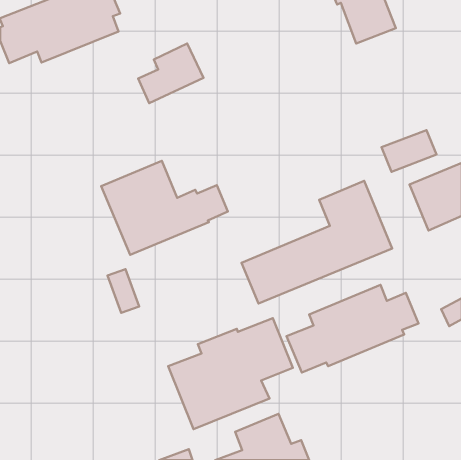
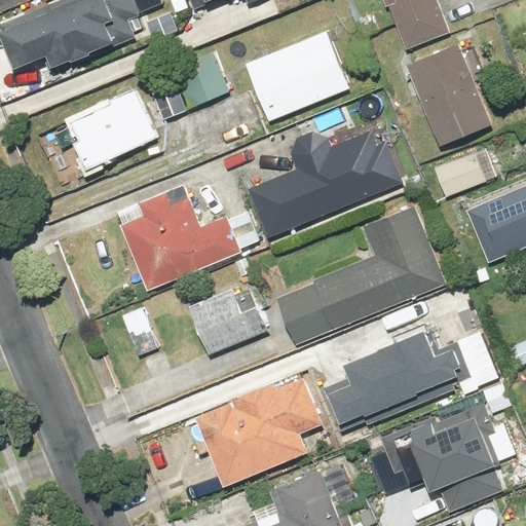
building: none -> [245,32,350,122]
building: none -> [404,43,491,147]
building: none -> [68,88,159,171]
building: none -> [247,129,404,239]
building: none -> [187,288,266,354]
building: none -> [379,404,516,511]

